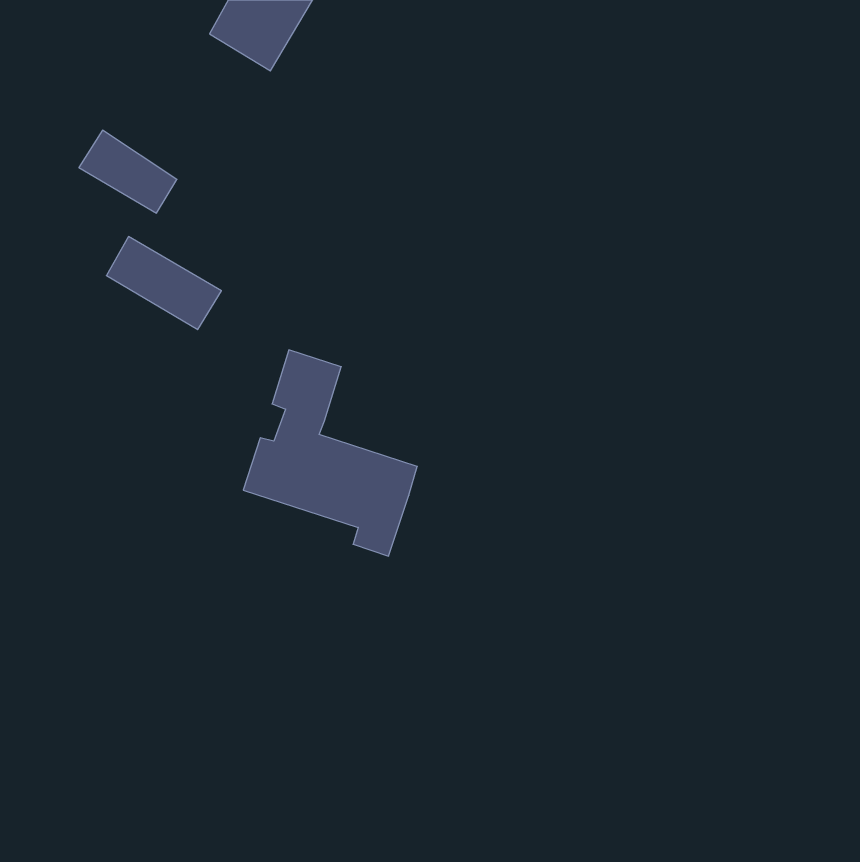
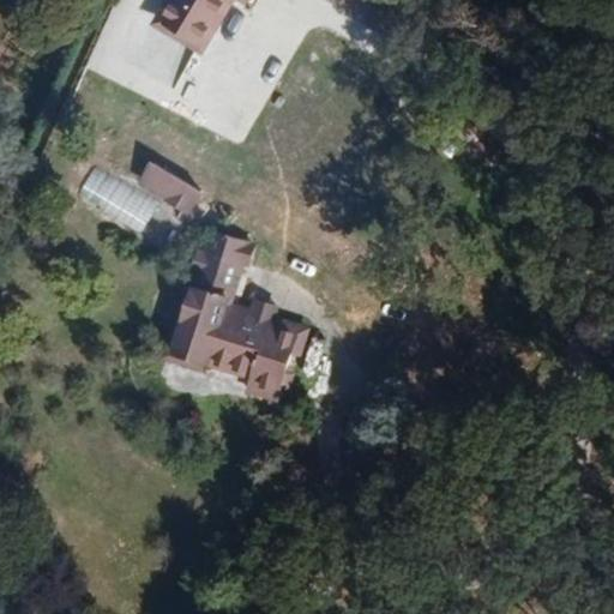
building: [79,130,177,213] -> [136,156,205,215]
building: none -> [227,300,309,355]

